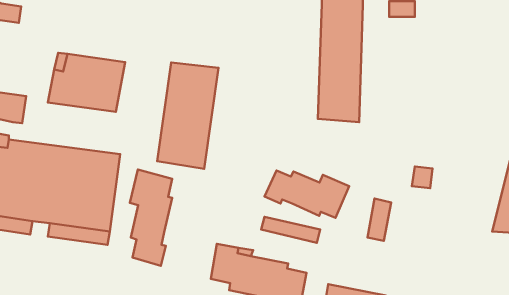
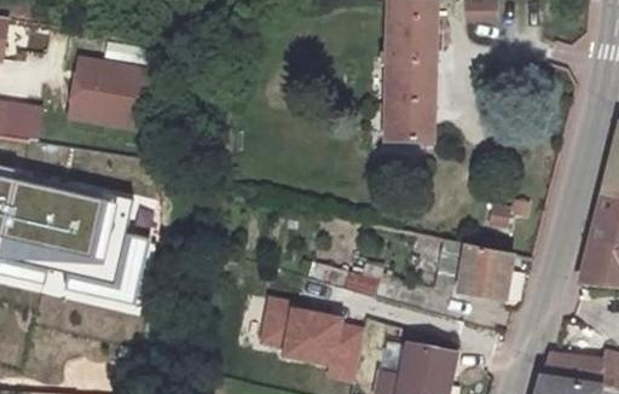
building: [157,63,219,169] -> none
building: [130,169,172,266] -> none
building: [265,170,349,218] -> none
building: none -> [465,245,517,299]

